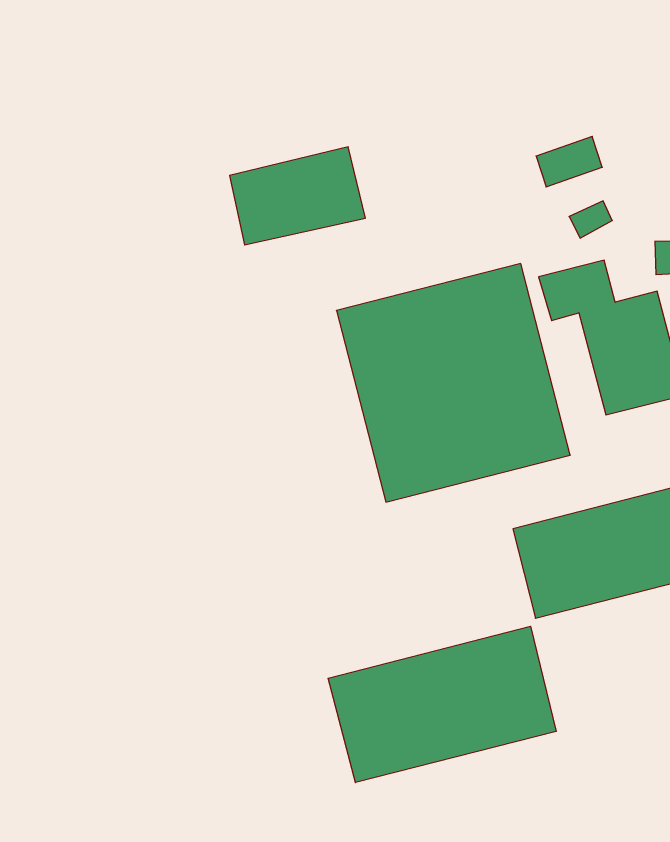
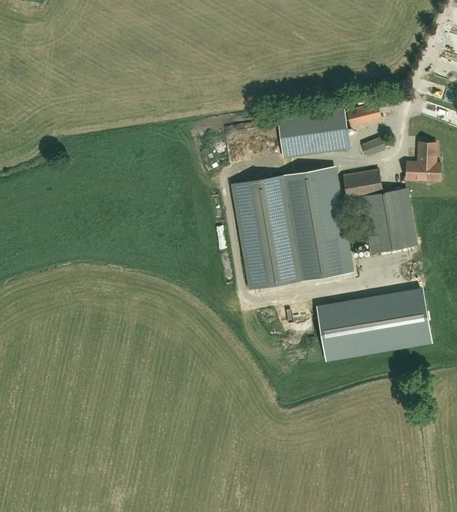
building: [230,147,365,245] -> [278,108,349,156]
building: [328,626,556,783] -> none

